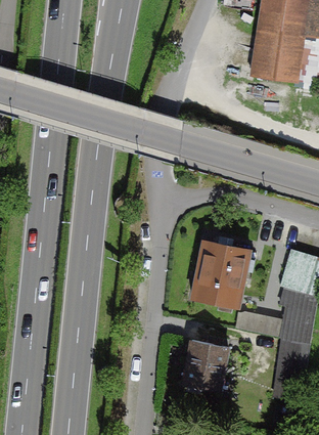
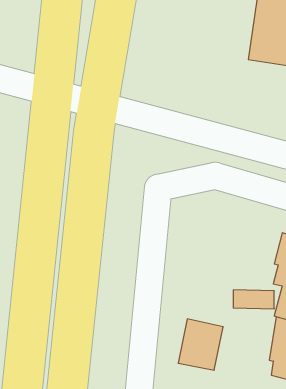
building: [191,241,255,308] -> none

